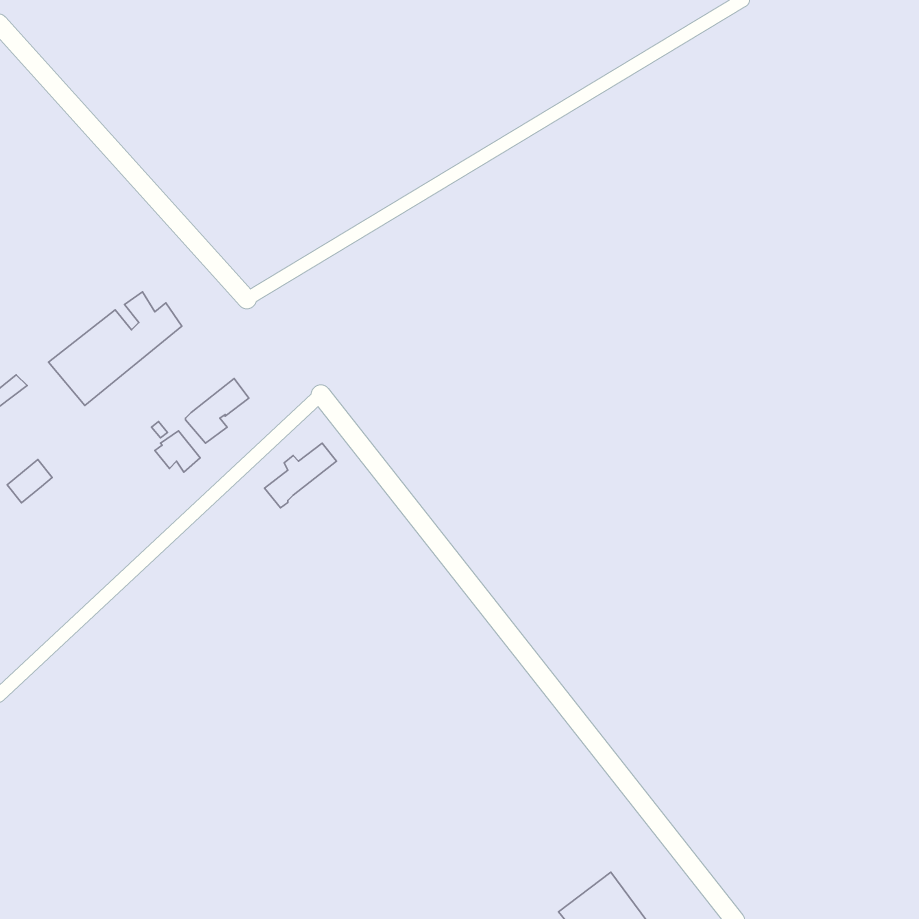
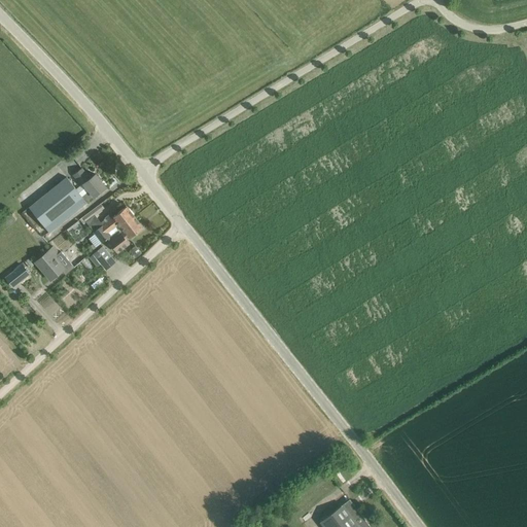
building: none -> [35,247,73,280]
building: [264,443,336,508] -> [93,207,134,244]

